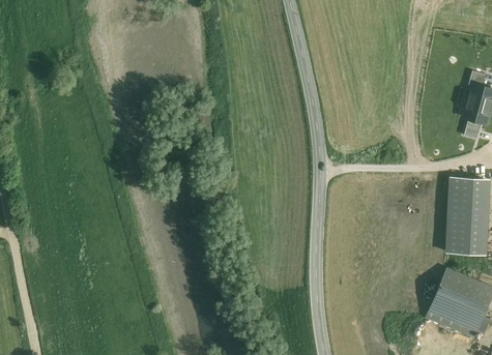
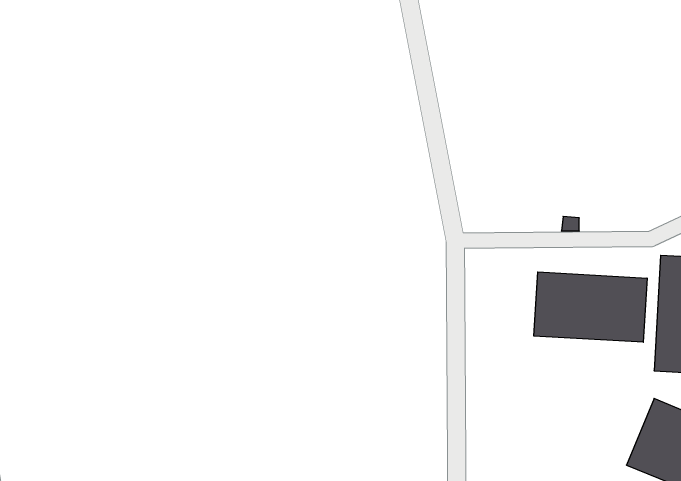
building: none -> [534,272,647,342]

